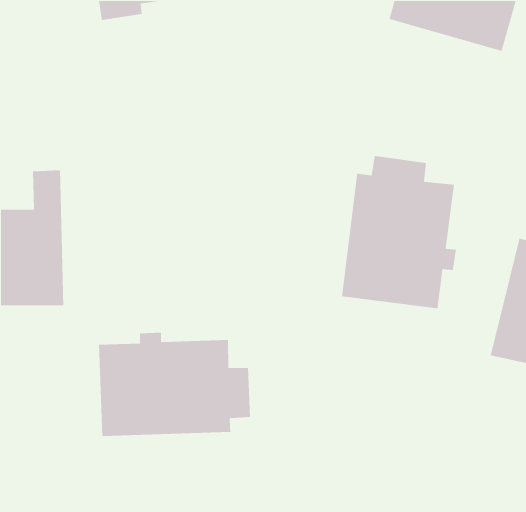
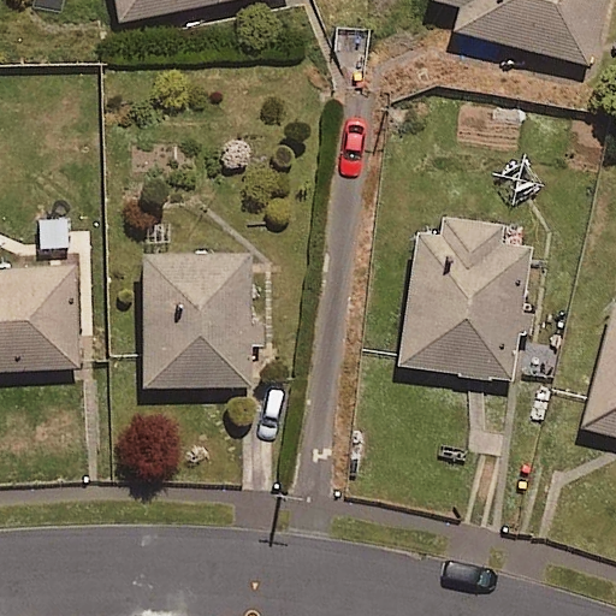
building: none -> [143,239,256,389]
building: [98,332,251,437] -> none

